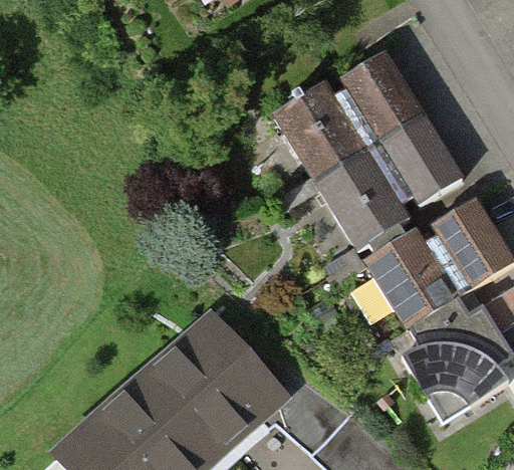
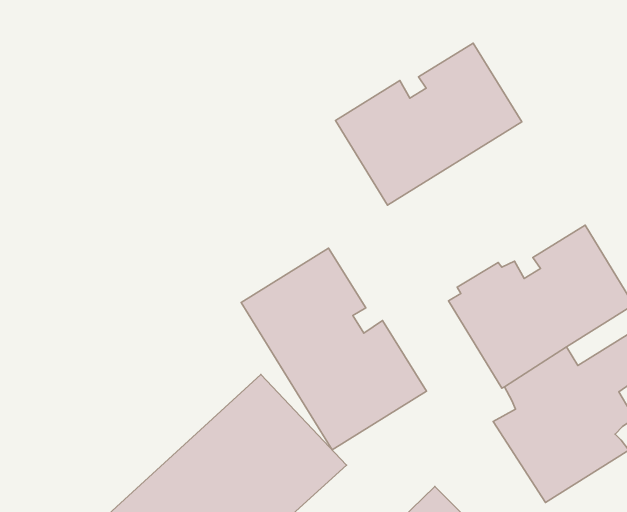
building: [315,114,463,250] -> none
building: none -> [241,248,426,450]

